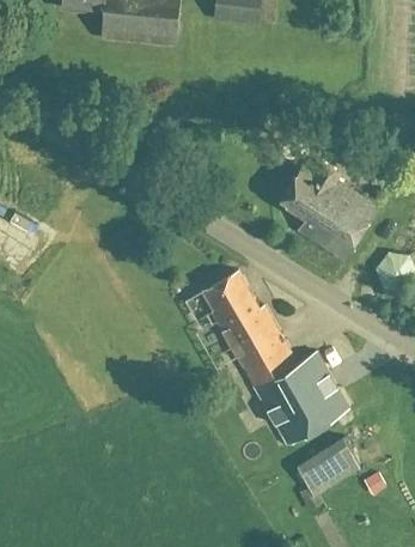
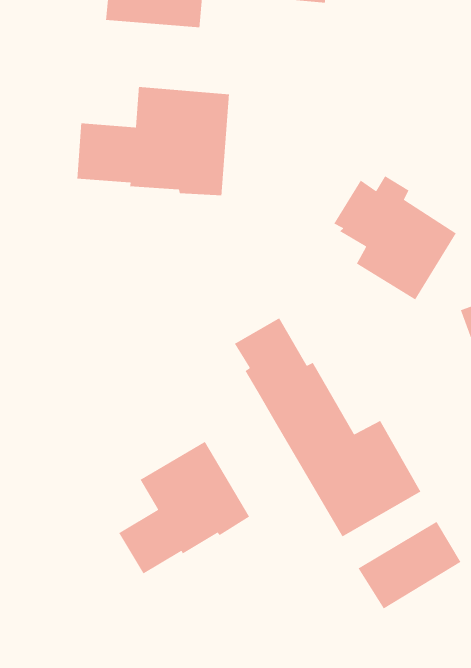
building: none -> [76,86,230,196]
building: none -> [118,441,250,574]

